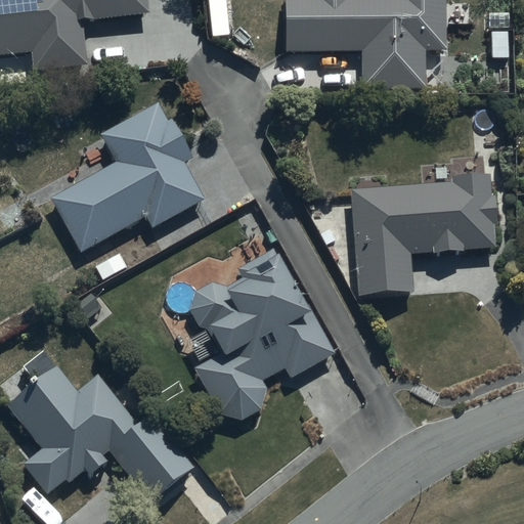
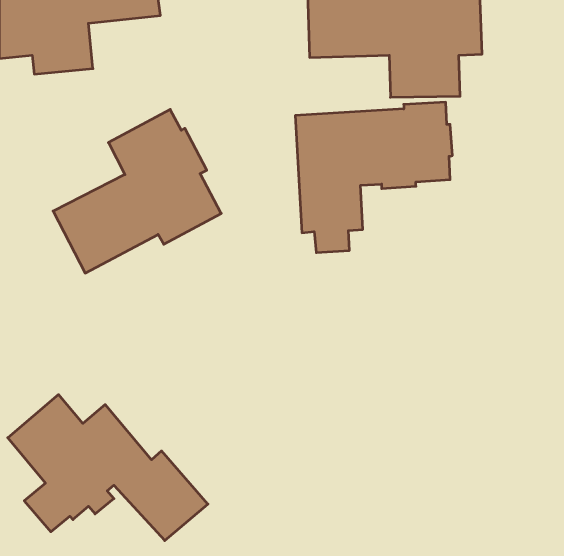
building: [351,175,496,314] -> [295,102,452,253]
building: [189,248,334,421] -> none

